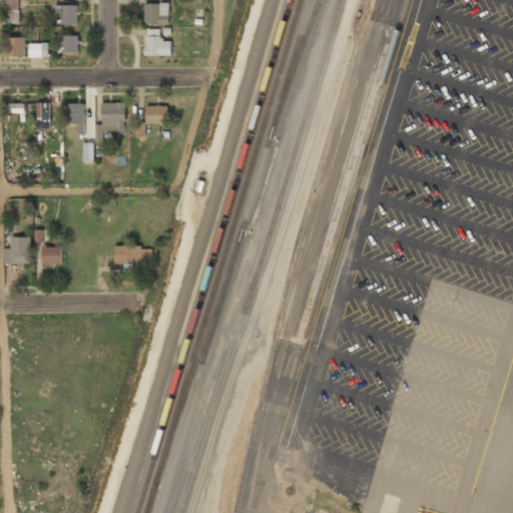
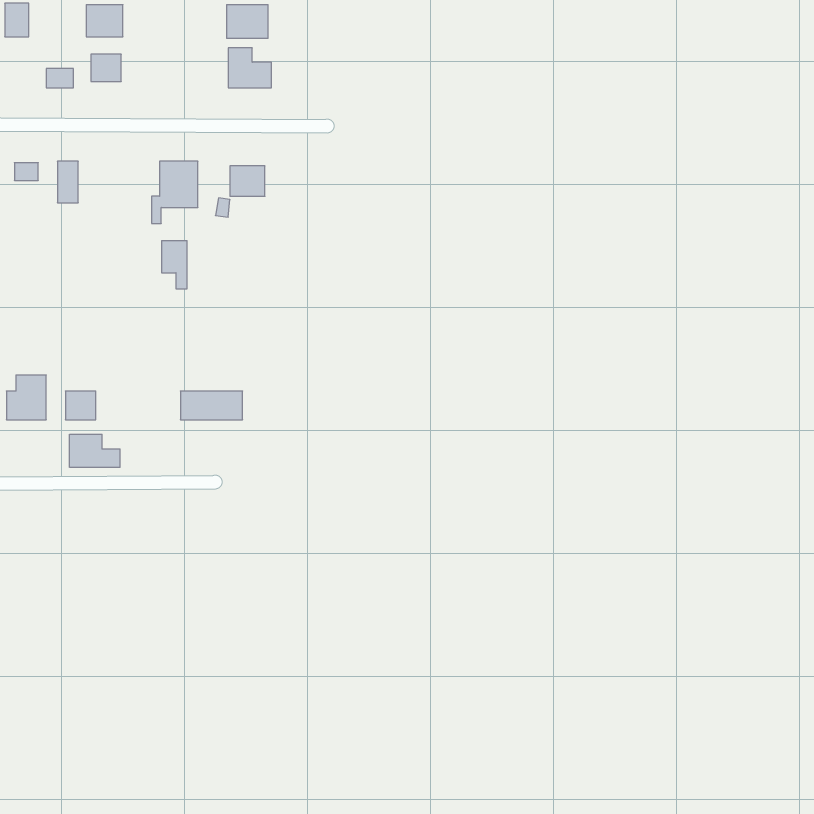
building: [4,38,24,57] -> none
building: [67,103,83,133] -> [162,241,187,289]
building: none -> [70,434,120,467]

